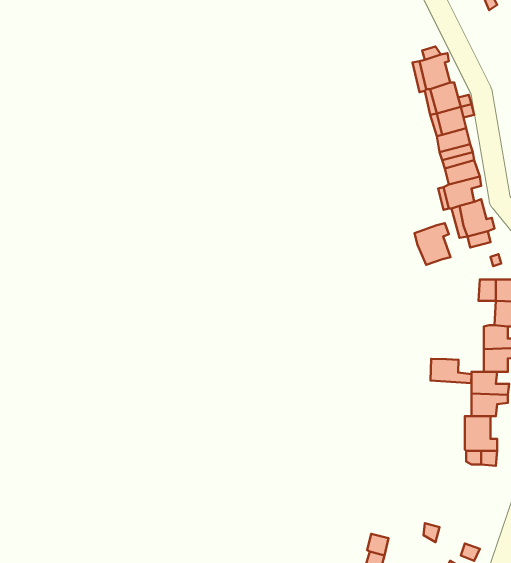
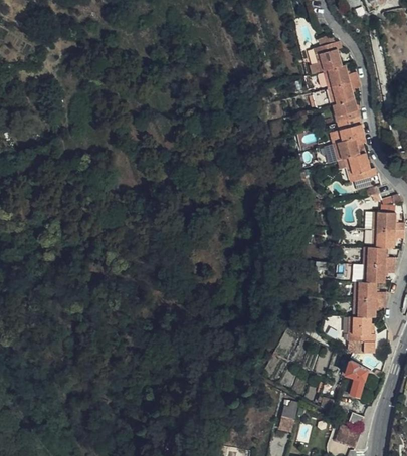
building: [415,223,451,265] -> none
building: [430,359,472,383] -> none
building: none -> [345,359,367,398]

